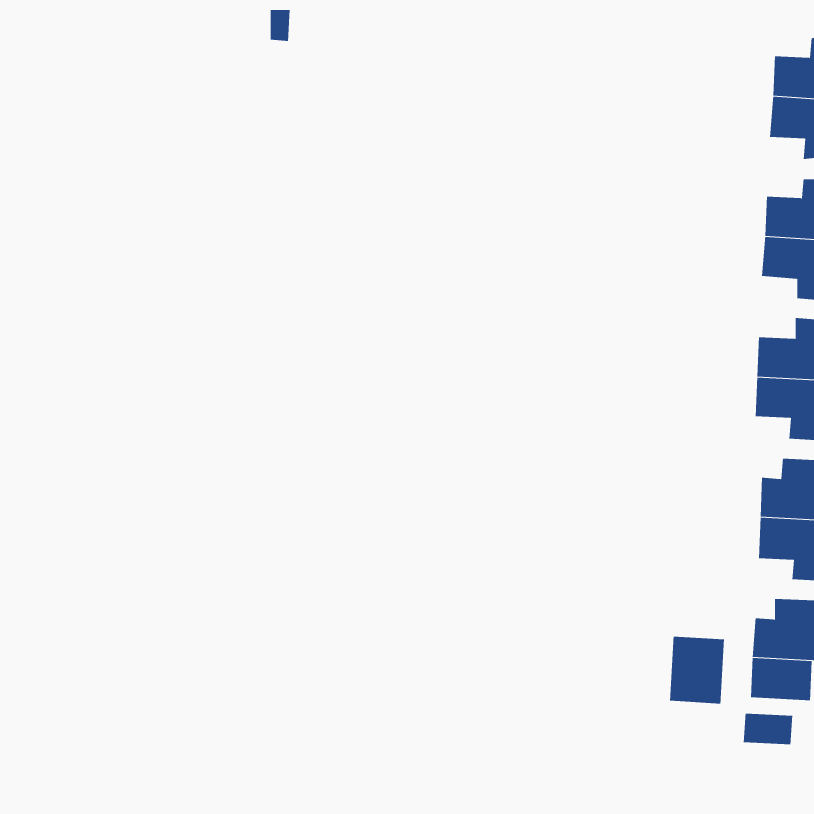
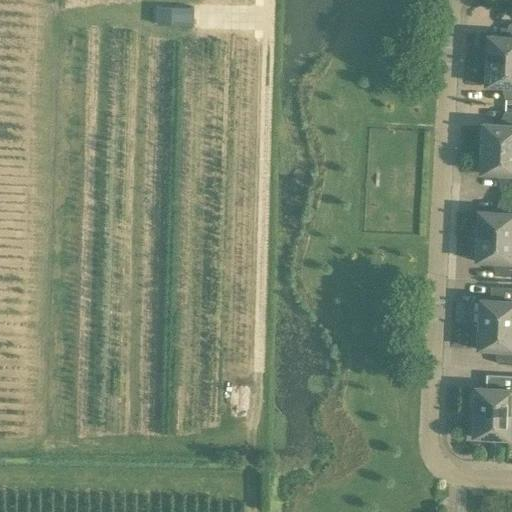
building: [670,636,724,704] -> none
building: [743,713,793,745] -> none

